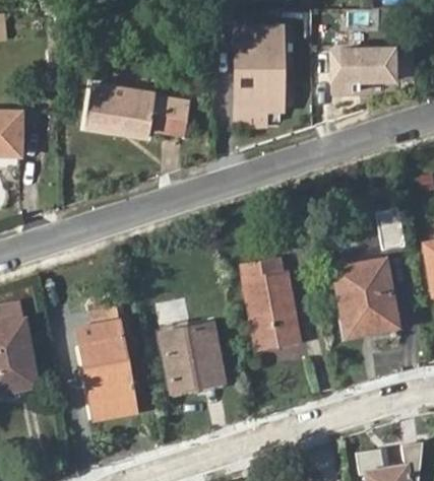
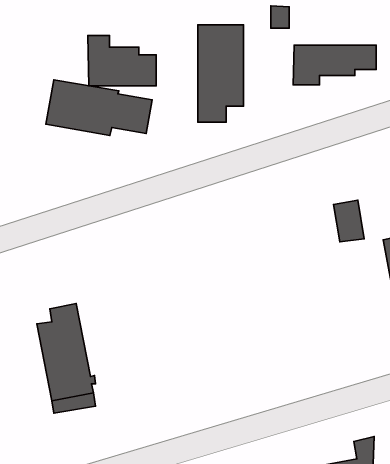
building: none -> [88,35,156,86]
building: [241,260,302,351] -> none
building: [331,261,395,337] -> none
building: [163,324,223,393] -> none

